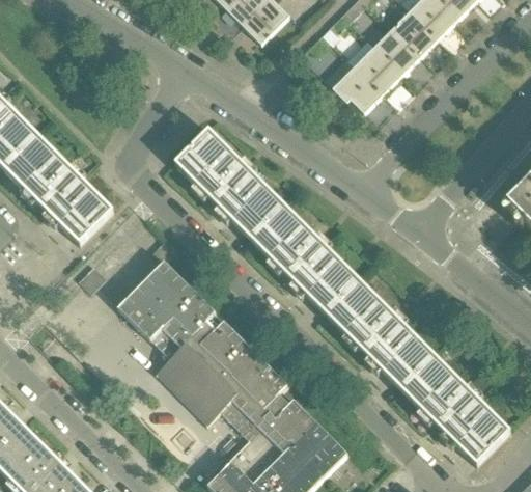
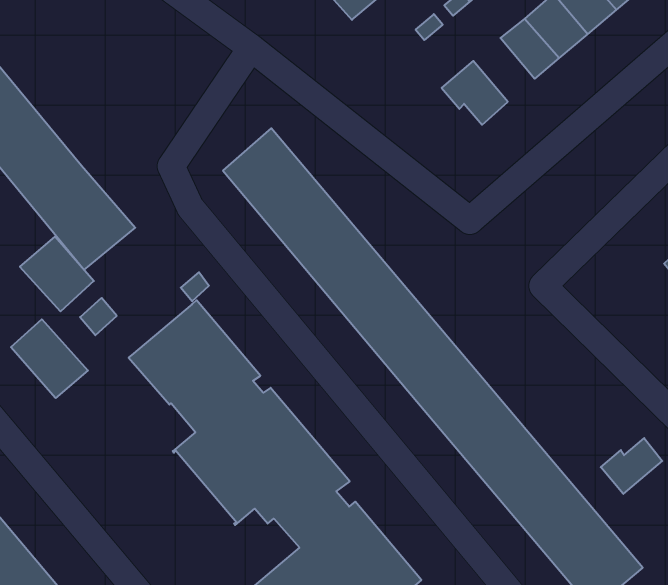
building: [354,47,400,93] -> none
building: none -> [20,236,94,311]
building: none -> [11,319,88,398]
building: none -> [601,438,662,494]

